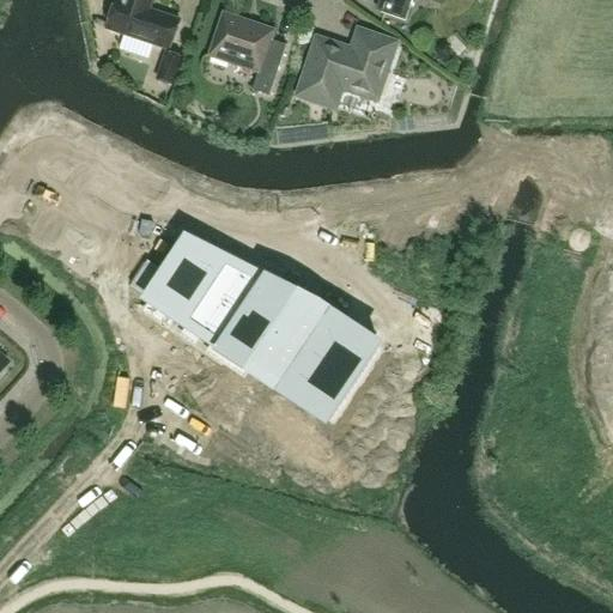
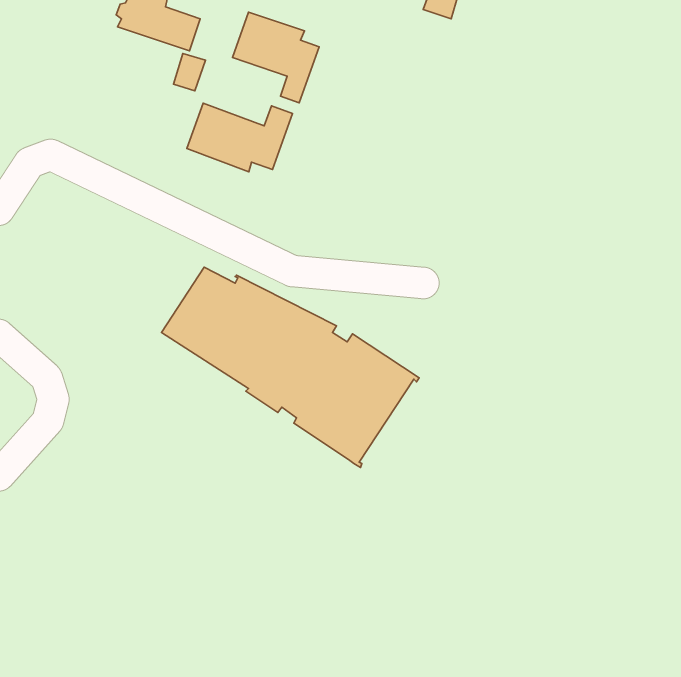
building: [298,28,395,104] -> none
building: none -> [187,103,293,172]

